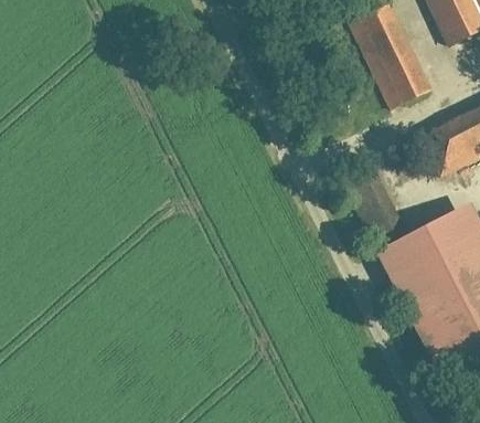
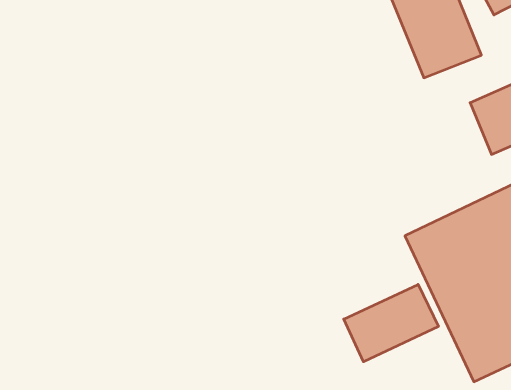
building: none -> [344,284,438,362]

